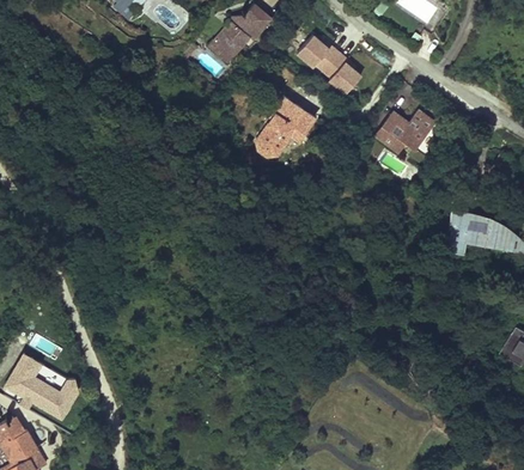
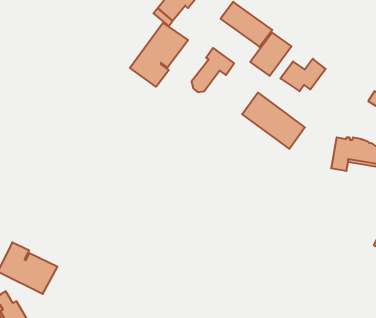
building: none -> [130,23,188,87]
building: none -> [250,32,291,76]
building: none -> [242,93,305,149]

